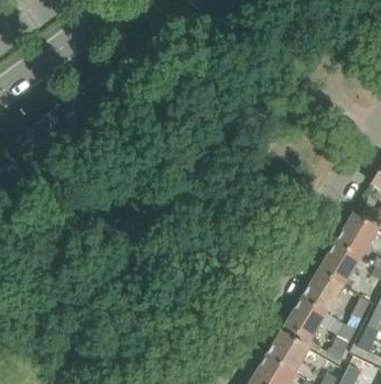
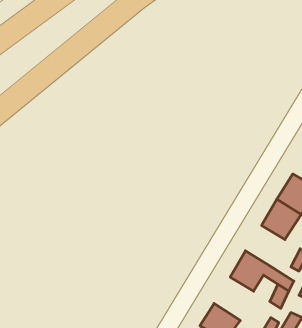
building: [301,270,344,314] -> none
building: [266,331,309,373] -> none

